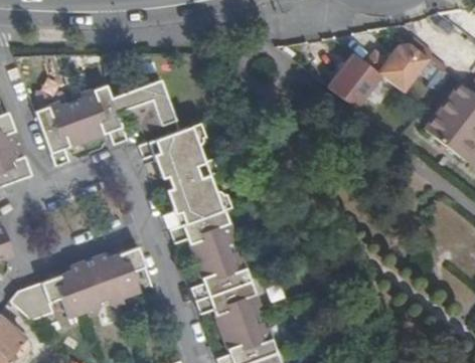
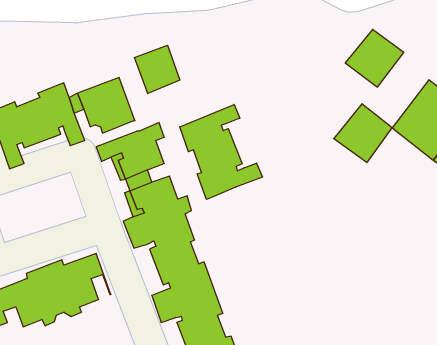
building: [329,48,385,105] -> [334,104,392,162]
building: none -> [135,45,180,94]
building: none -> [180,104,262,199]

